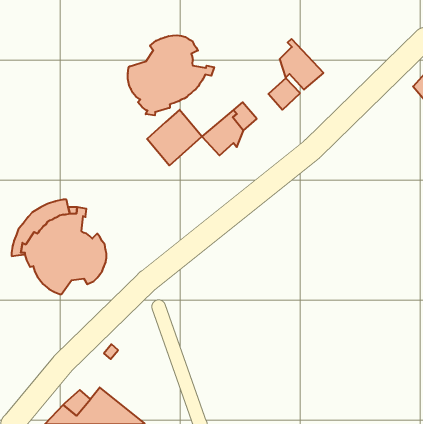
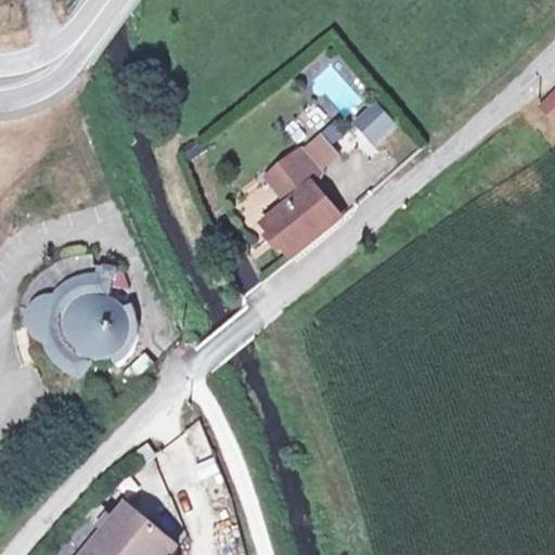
building: [128,35,214,115] -> none
building: [280,39,323,90] -> none
building: [147,110,202,165] -> [264,186,336,259]

